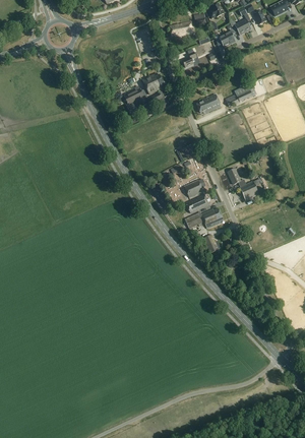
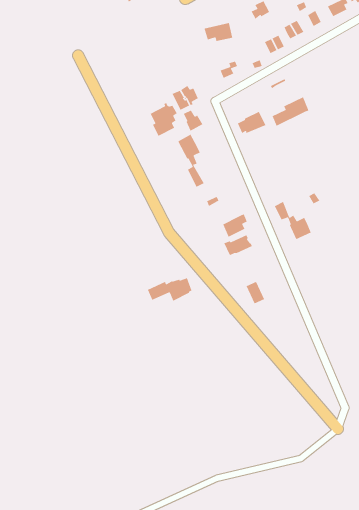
building: none -> [177,133,205,188]
building: [185,208,223,229] -> [147,277,192,302]

